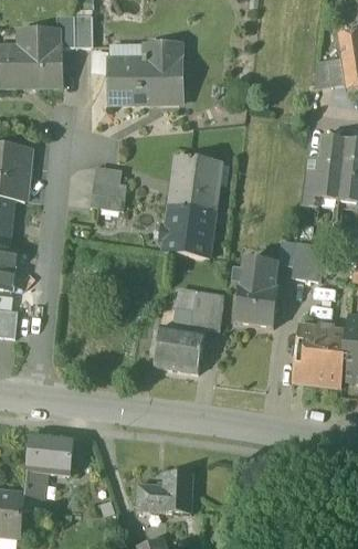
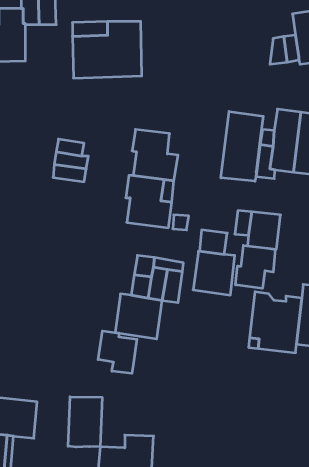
building: none -> [221,111,263,181]
building: none -> [236,245,275,288]
building: none -> [98,331,137,373]
building: none -> [68,397,102,447]

